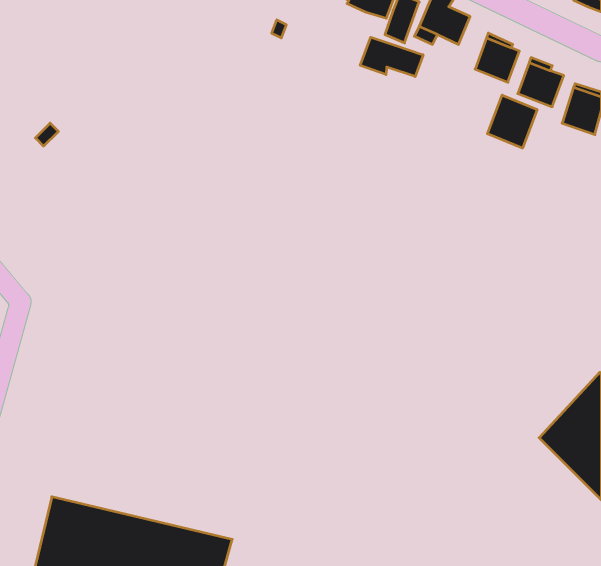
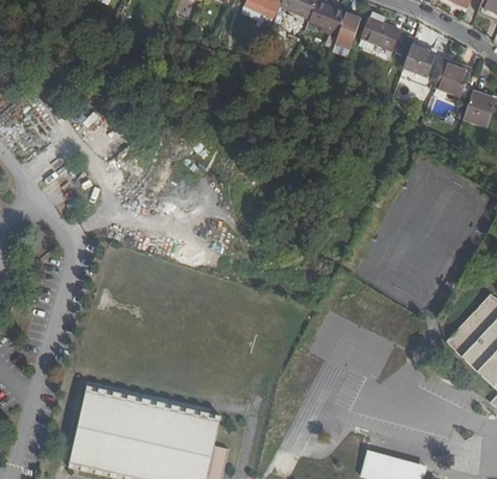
building: [360,37,423,77] -> none
building: [487,95,537,148] -> none

